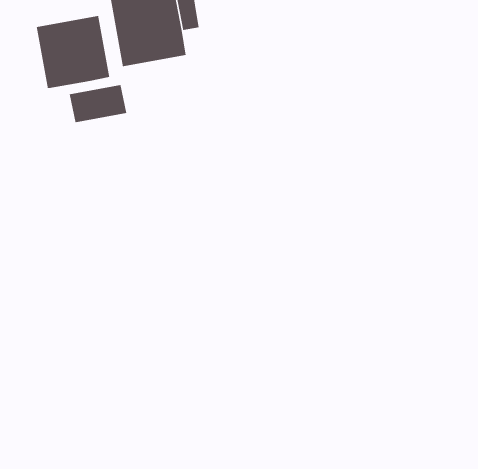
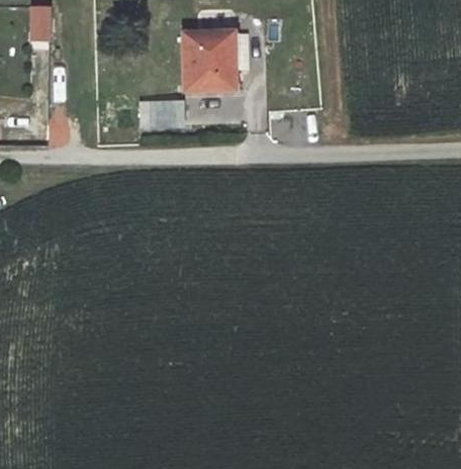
building: [36,15,110,89] -> none

